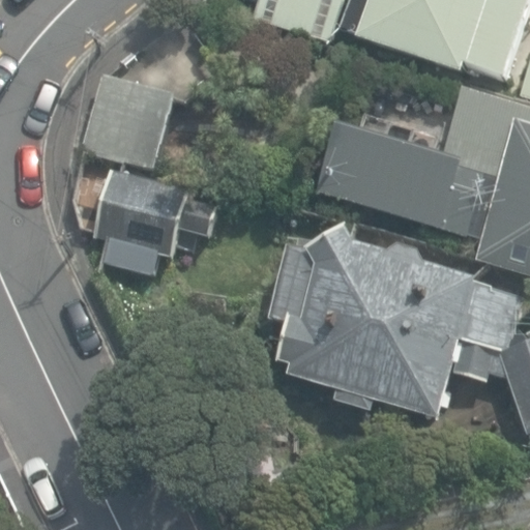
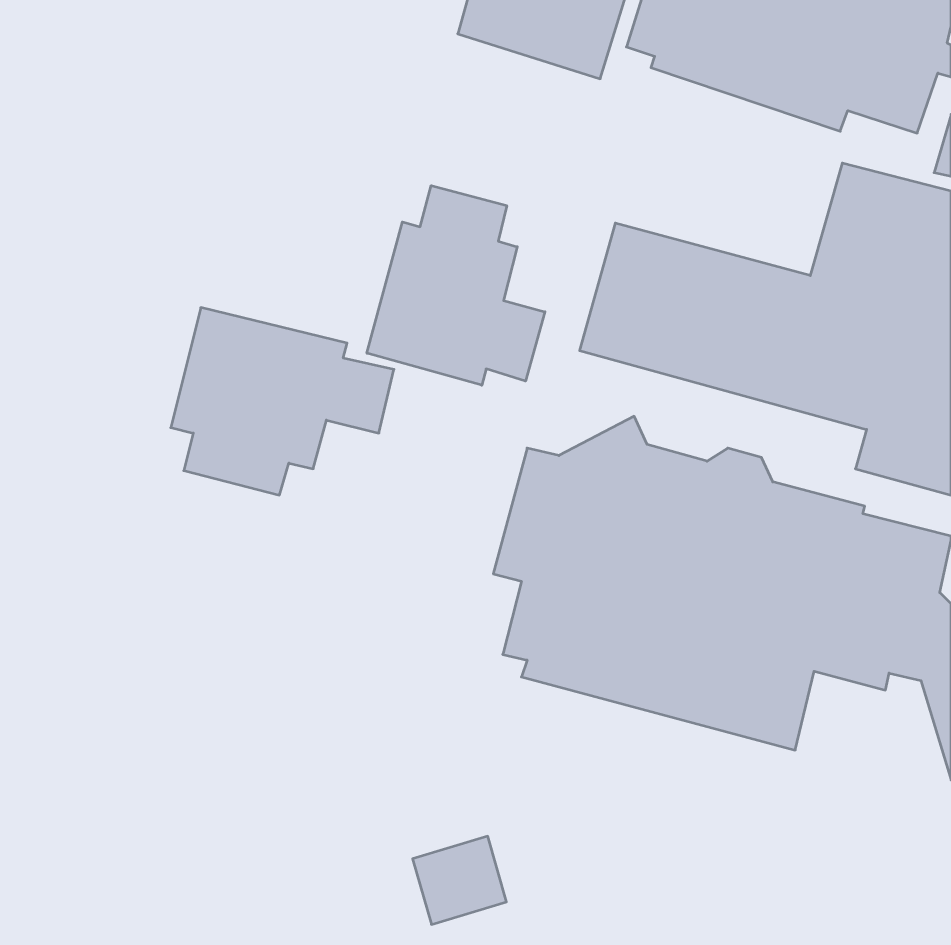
building: [81,72,175,169] -> none
building: none -> [367,186,545,385]

